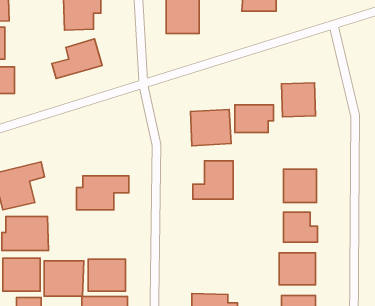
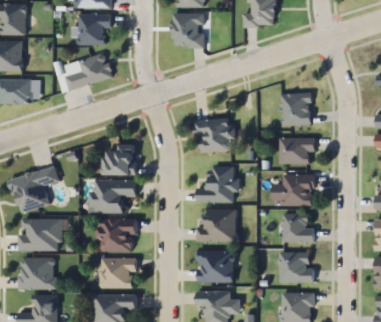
building: [235,105,273,133] -> [279,137,315,163]
building: none -> [102,144,135,175]
building: none -> [197,209,236,241]
building: none -> [198,250,234,282]
building: [44,261,84,296] -> [99,218,136,251]

